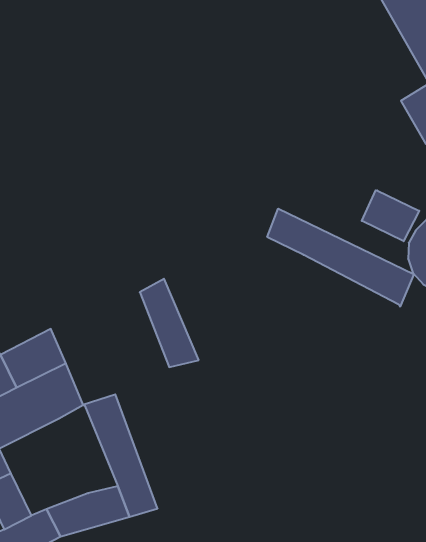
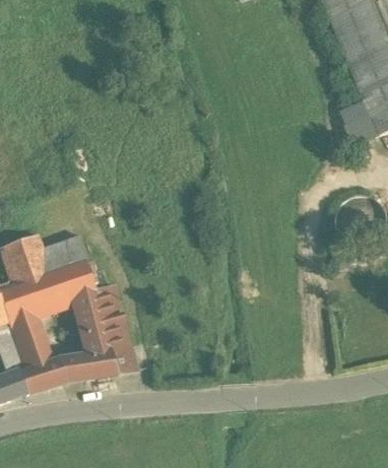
building: [362,190,419,241] -> none
building: [267,209,414,307] -> none
building: [140,279,199,367] -> [77,290,112,352]

